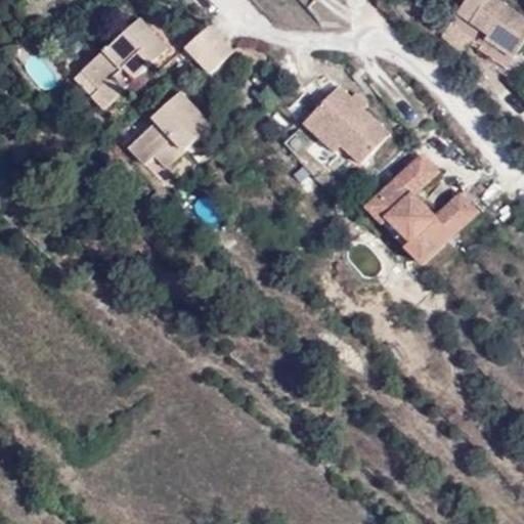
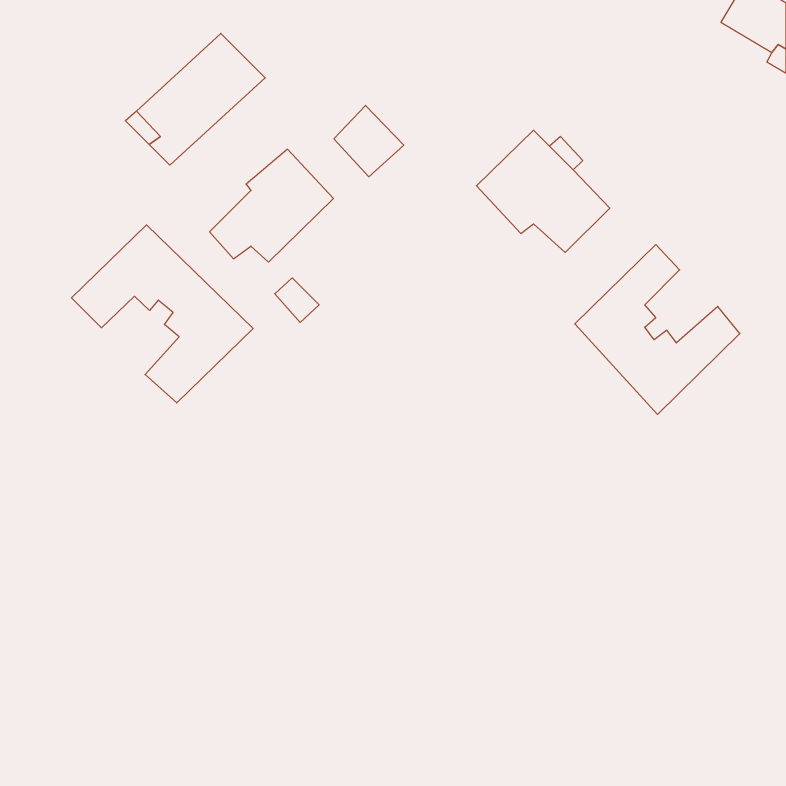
building: [193,29,238,75] -> [334,105,404,177]
building: none -> [71,225,253,403]

